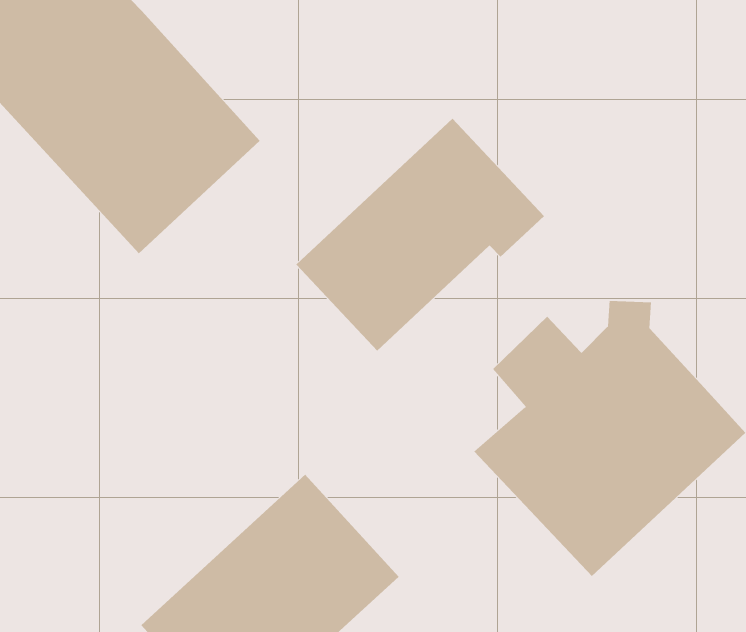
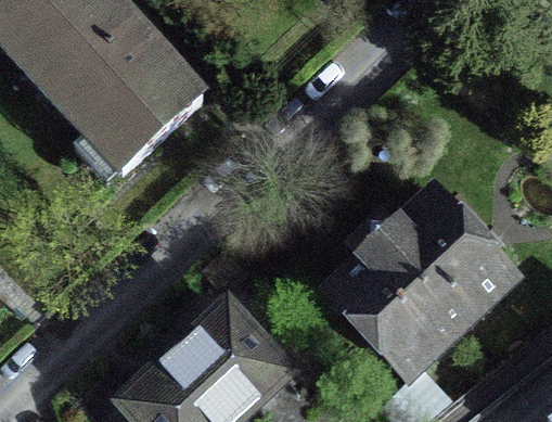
building: [296,118,545,352] -> none

